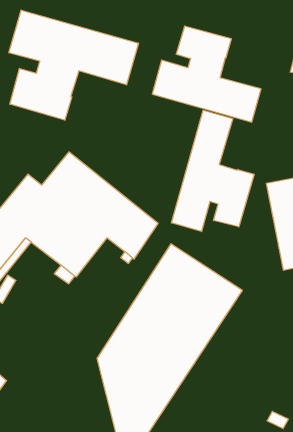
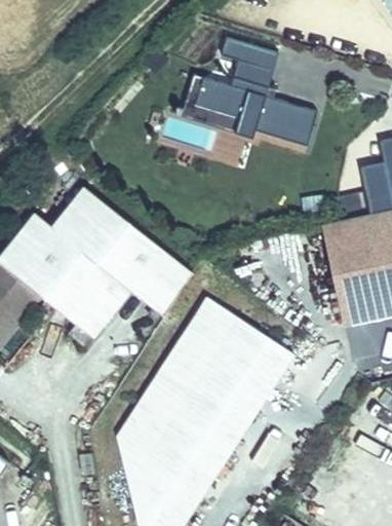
building: [9,10,138,120] -> none
building: [171,110,254,232] -> none

